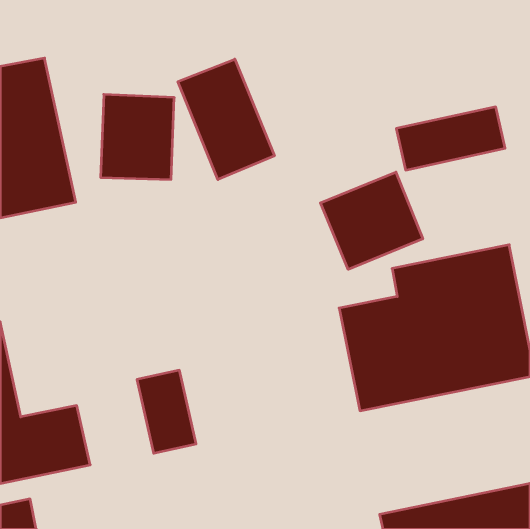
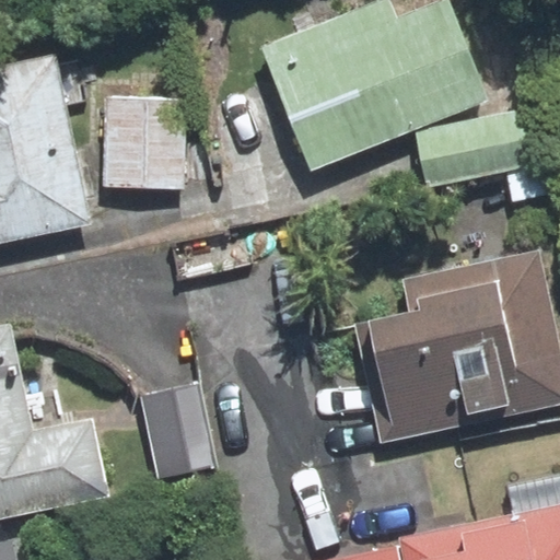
building: none -> [269,4,469,158]
building: [178,59,274,180] -> none
building: [320,172,423,269] -> none

